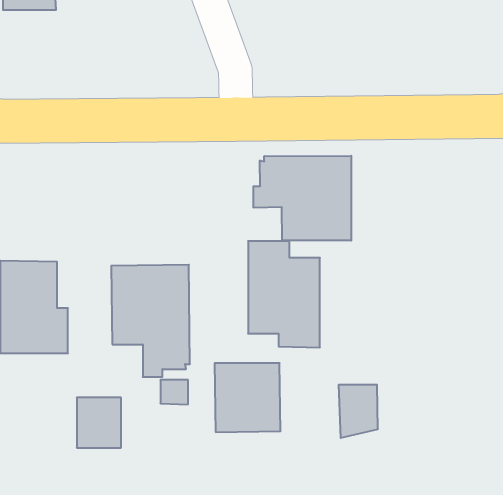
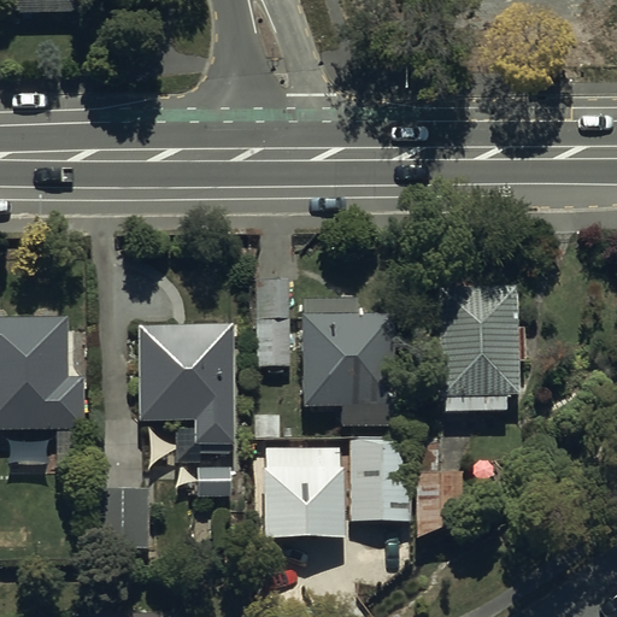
building: [253,156,351,241] -> none
building: none -> [437,284,522,413]
building: none -> [348,435,411,521]

